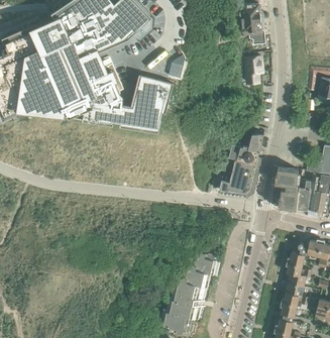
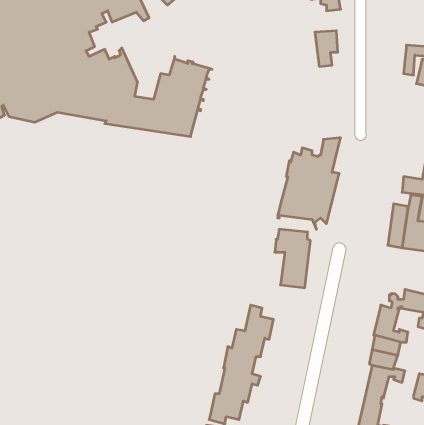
building: [274,167,300,209] -> [275,229,310,288]

